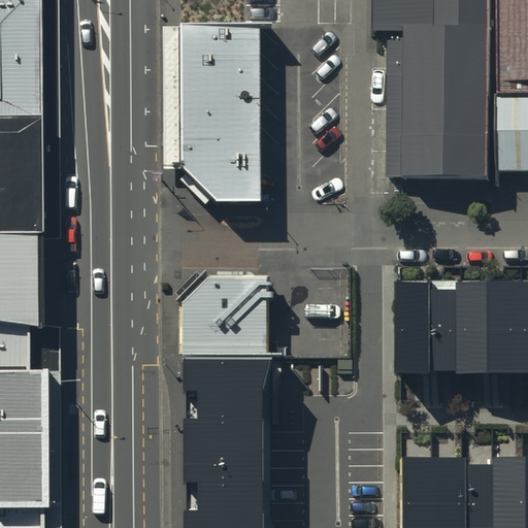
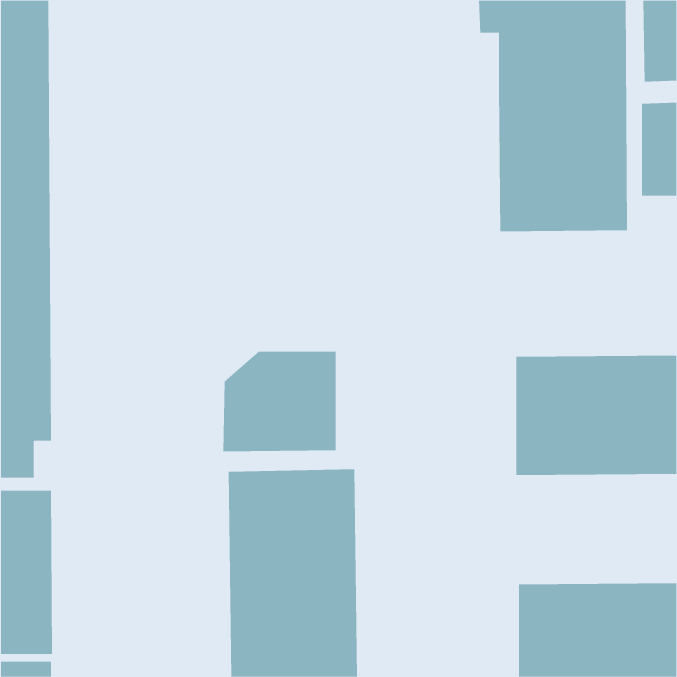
building: [182,28,262,203] -> none

